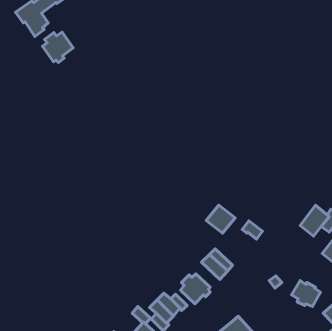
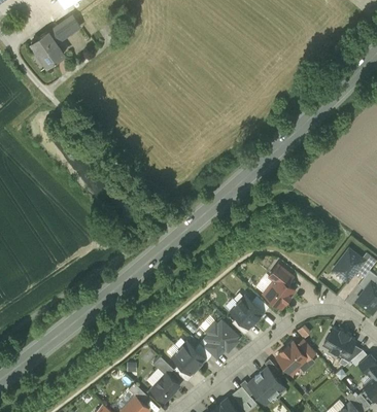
building: [42,32,73,62] -> none
building: [206,205,235,233] -> [264,277,295,307]
building: none -> [277,343,307,374]

